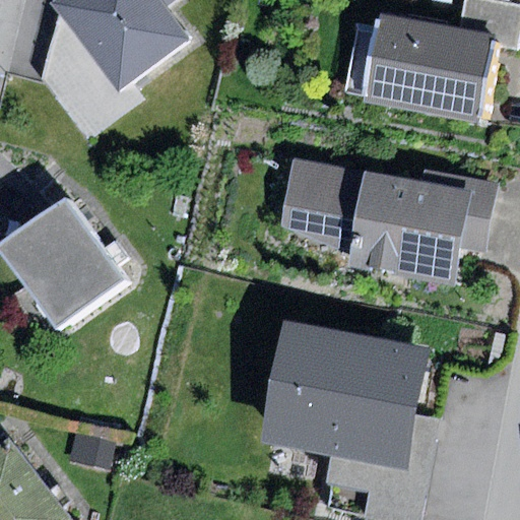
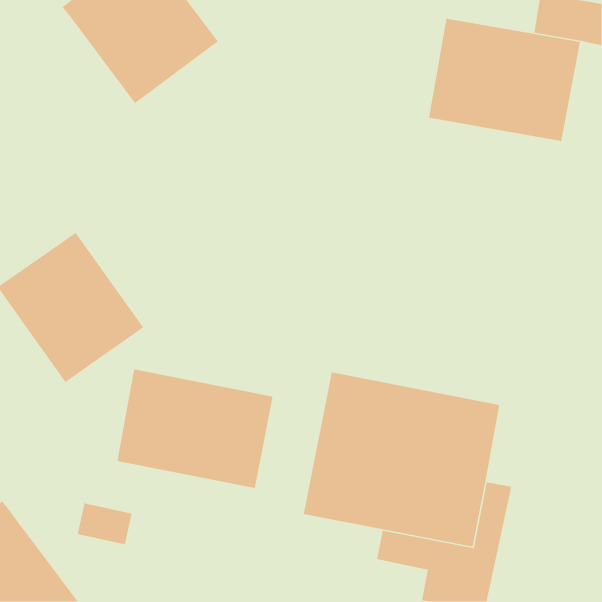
building: [40,13,116,121] -> none
building: [280,158,496,283] -> none
building: none -> [116,369,274,489]

